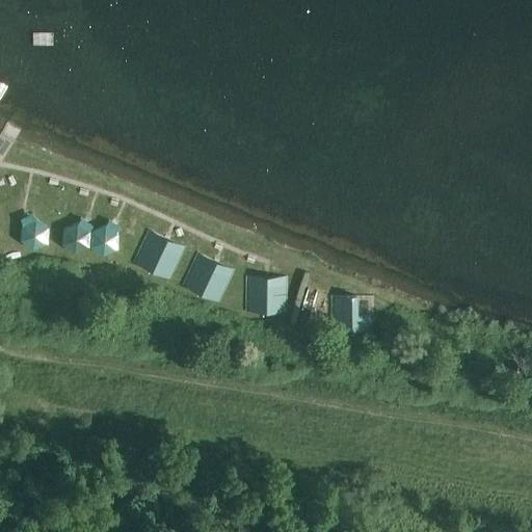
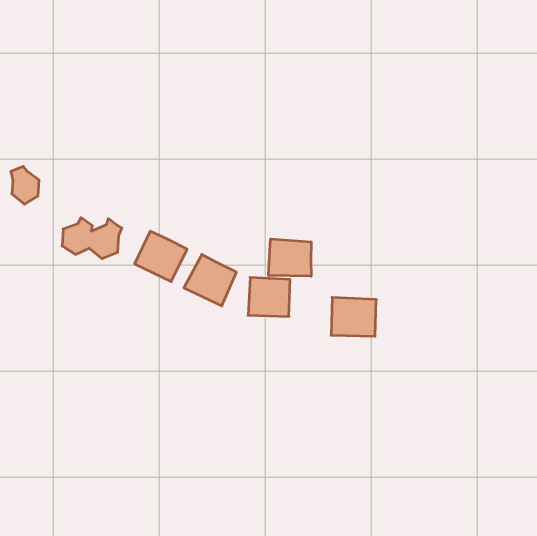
building: [19,213,47,250] -> [11,166,39,204]
building: none -> [269,239,311,276]

